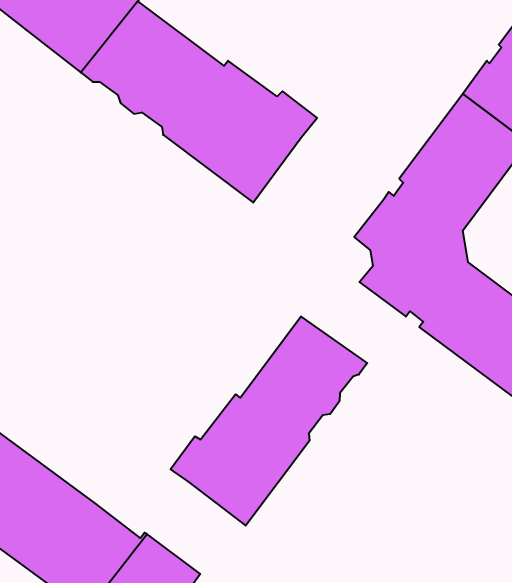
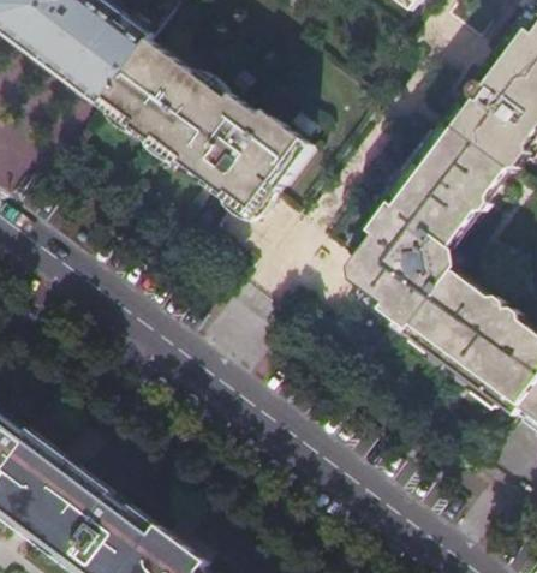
building: [171,316,367,526] -> none

